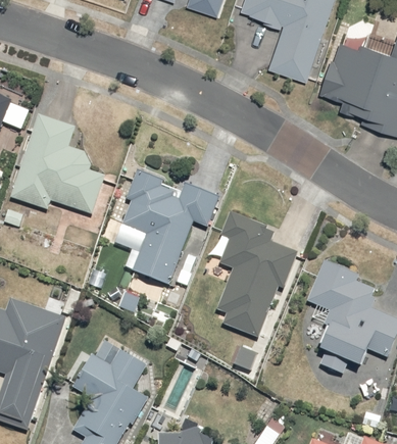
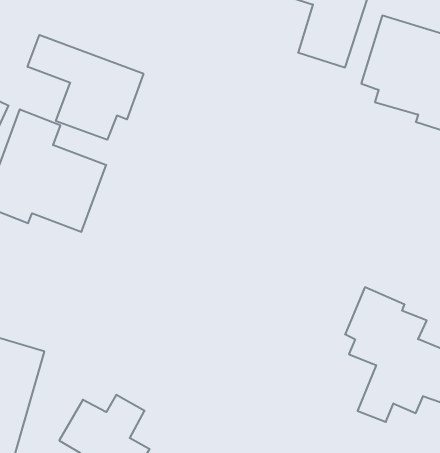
building: none -> [28,35,143,140]
building: [115,172,218,284] -> none
building: [208,208,295,335] -> none

